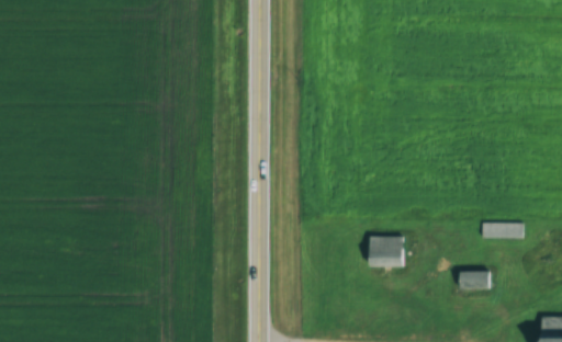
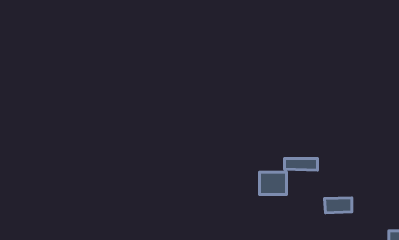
building: [481,221,525,237] -> [285,158,318,170]

